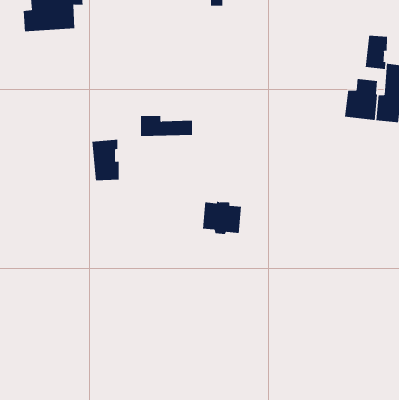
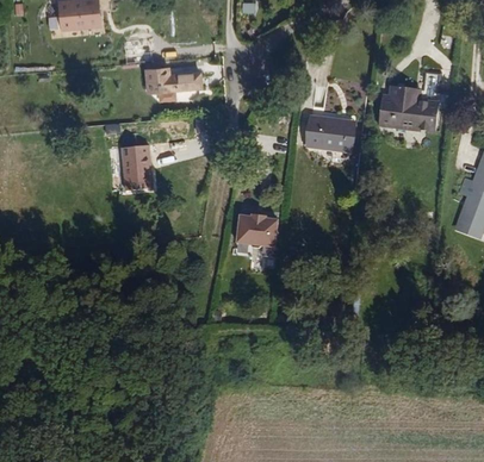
building: [365,35,388,70] -> none
building: none -> [304,113,349,146]
building: [140,115,193,136] -> [142,71,196,93]

